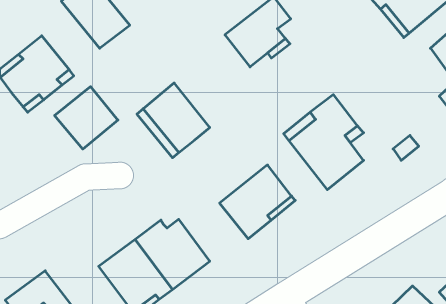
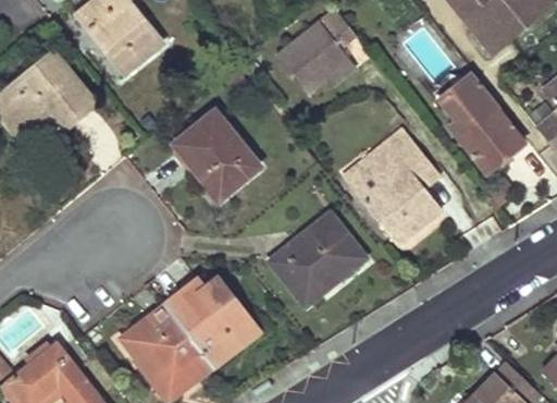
building: none -> [441,72,522,170]
building: [55,87,118,149] -> none

